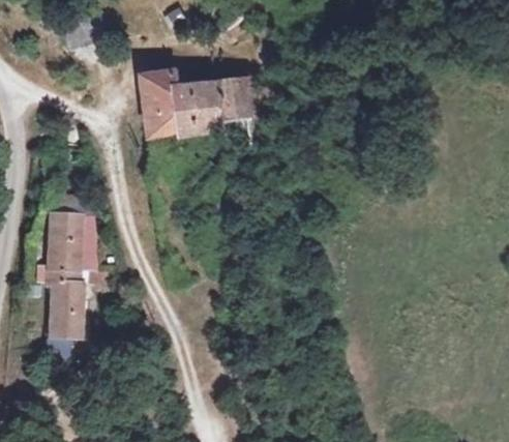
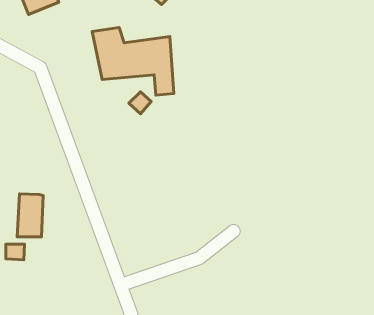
building: [48,214,81,276] -> none

